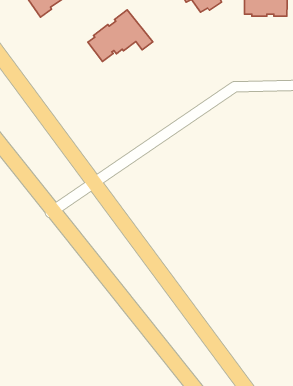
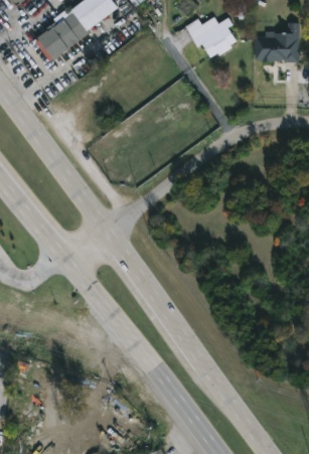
building: [88,10,153,62] -> none

